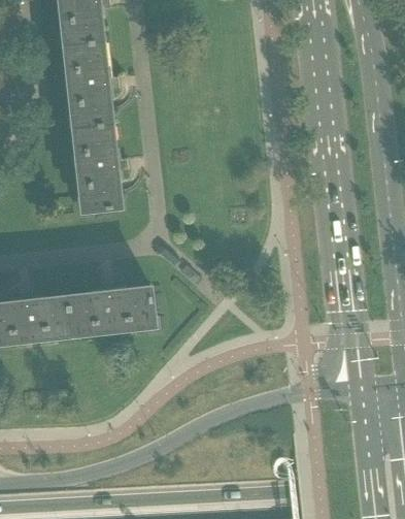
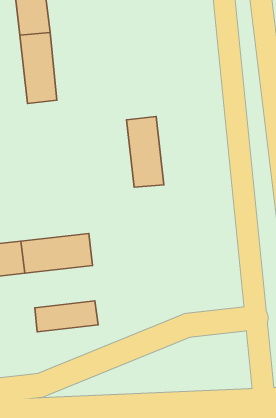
building: [73,124,119,210] -> [127,116,164,187]
building: none -> [35,301,98,332]

